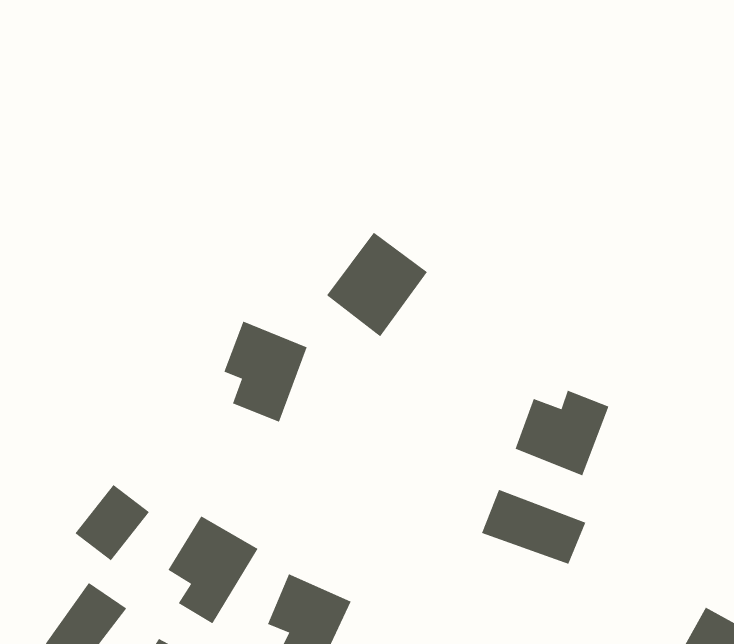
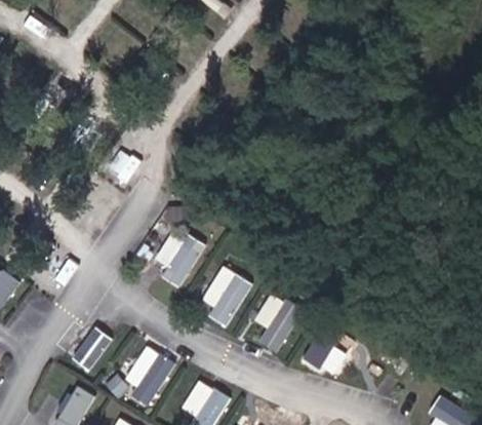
building: [326,232,428,337] -> [198,265,257,326]
building: [515,390,609,476] -> none
building: none -> [255,299,296,352]

